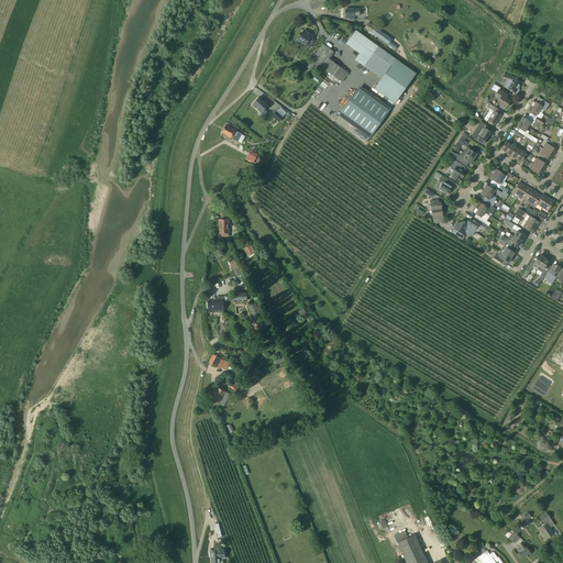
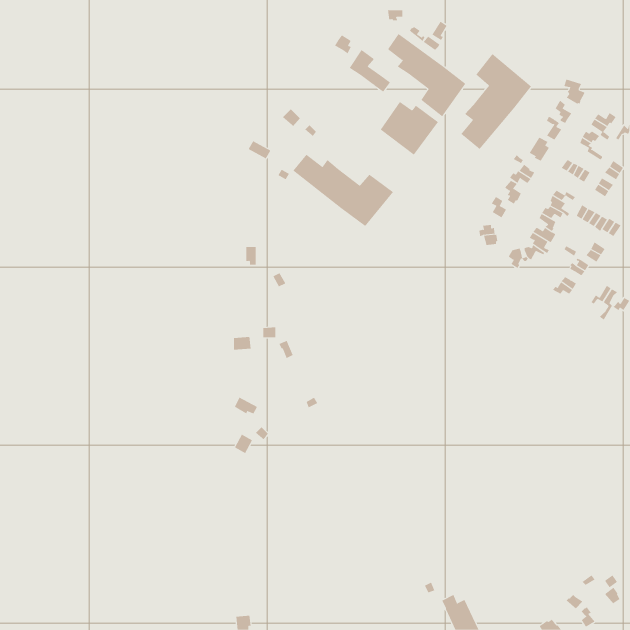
building: none -> [461,53,532,150]
building: none -> [293,154,394,227]

